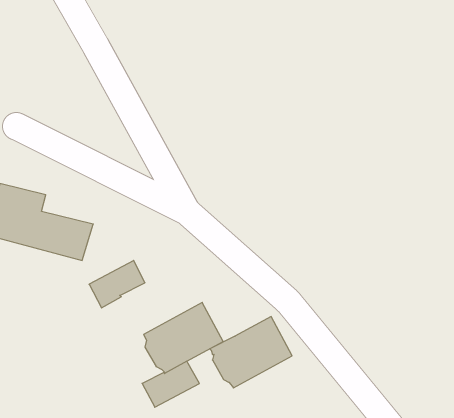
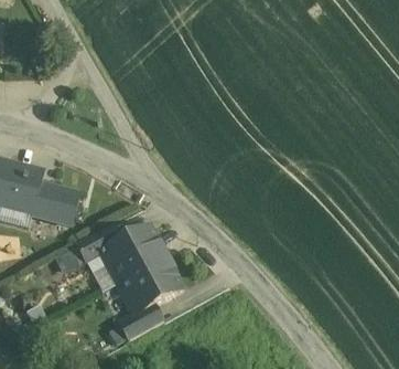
building: [210,317,292,388] -> [101,224,166,281]

